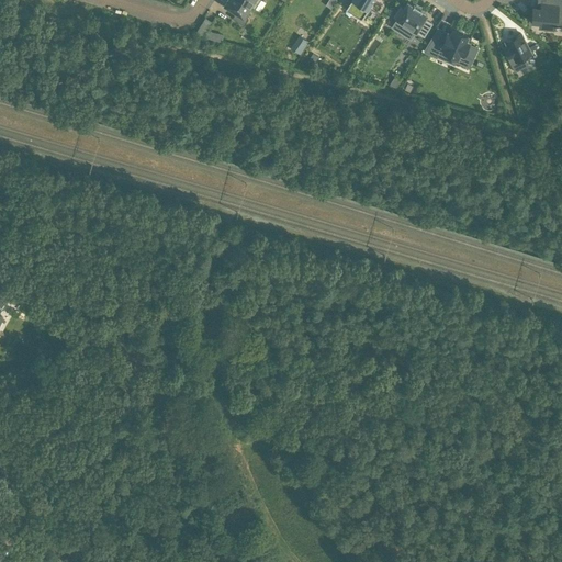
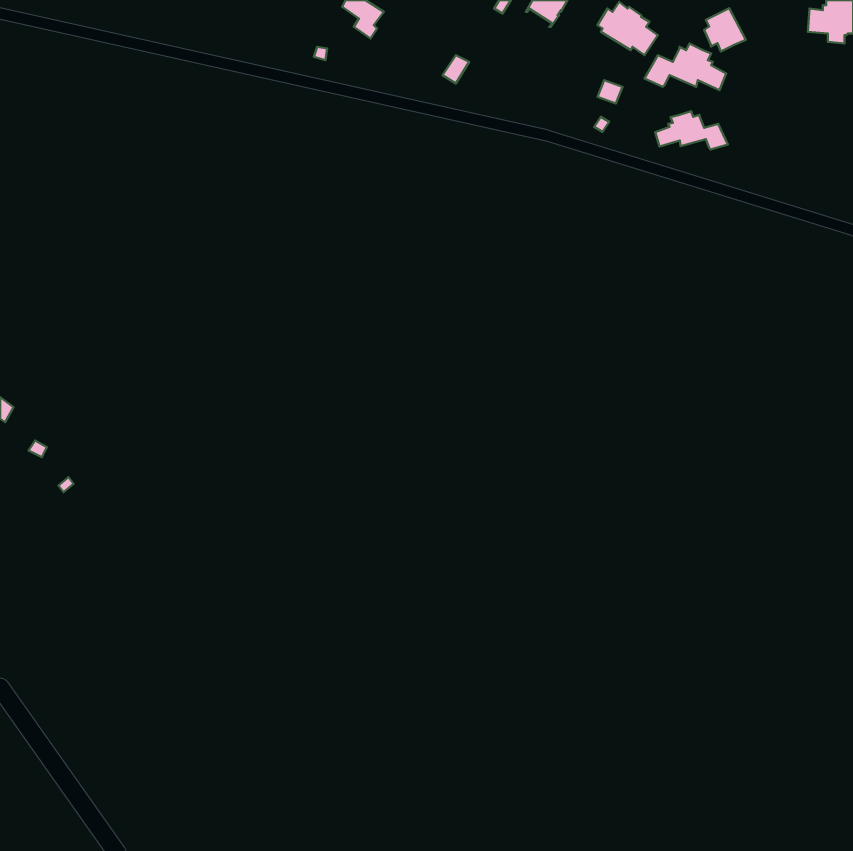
building: [504,34,531,63] -> [704,8,746,52]
building: none -> [655,111,728,149]

